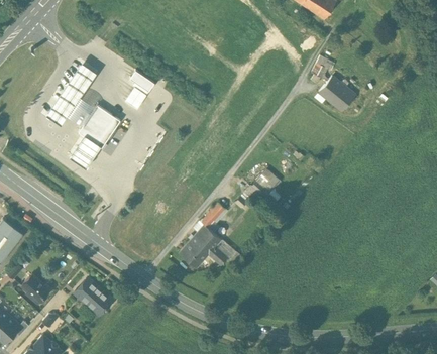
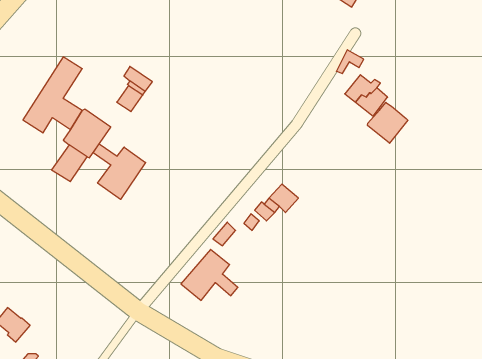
building: none -> [368,102,408,143]
building: none -> [93,144,146,199]
building: [74,278,111,314] -> none

